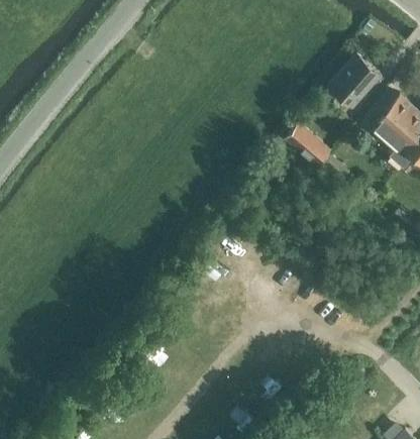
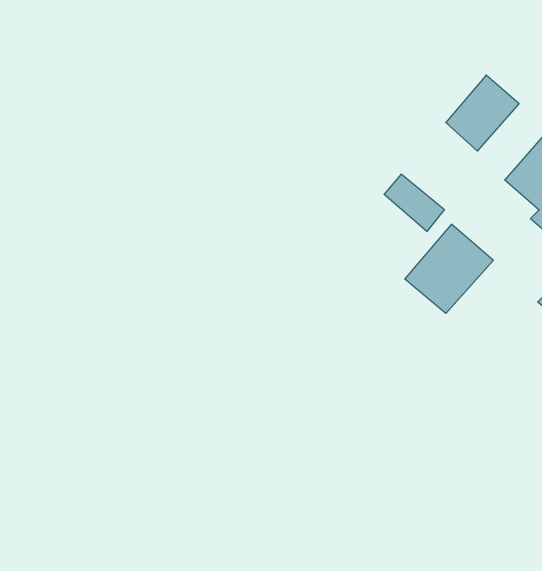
building: none -> [405,224,493,313]

